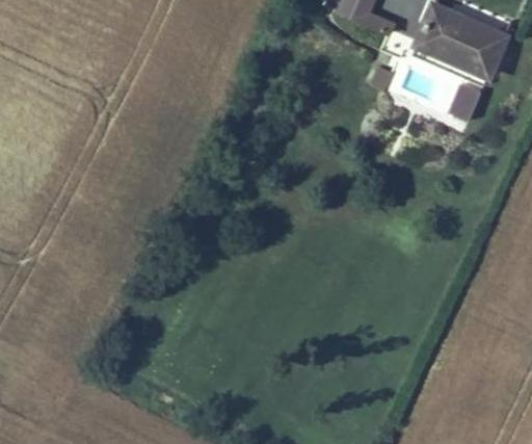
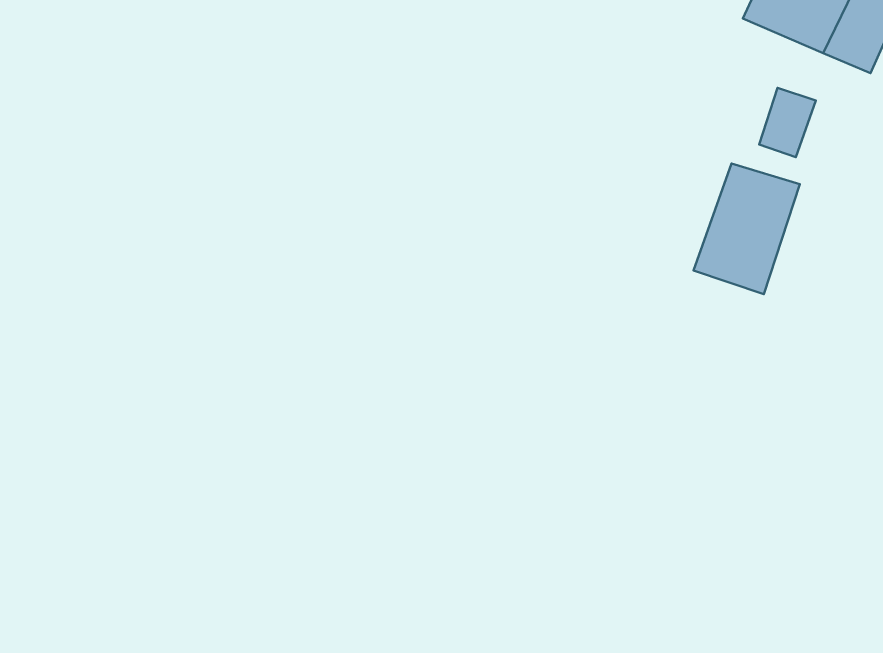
building: none -> [694,164,800,294]

